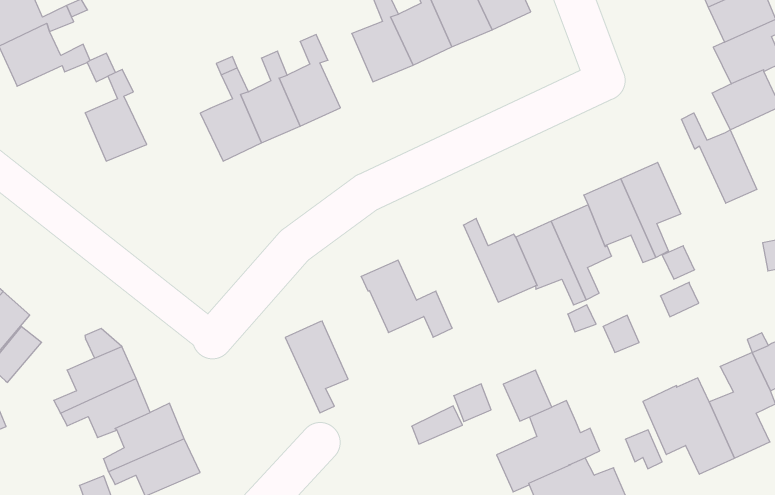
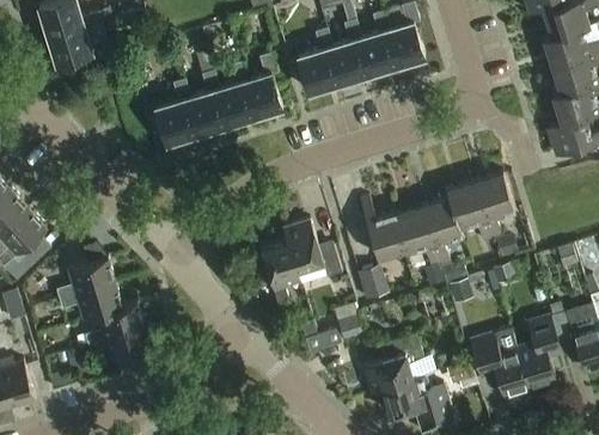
building: [85,69,147,161] -> [154,81,195,145]
building: [681,113,757,203] -> none
building: [285,321,348,413] -> [259,240,300,305]
building: [503,370,552,421] -> [356,266,389,301]

